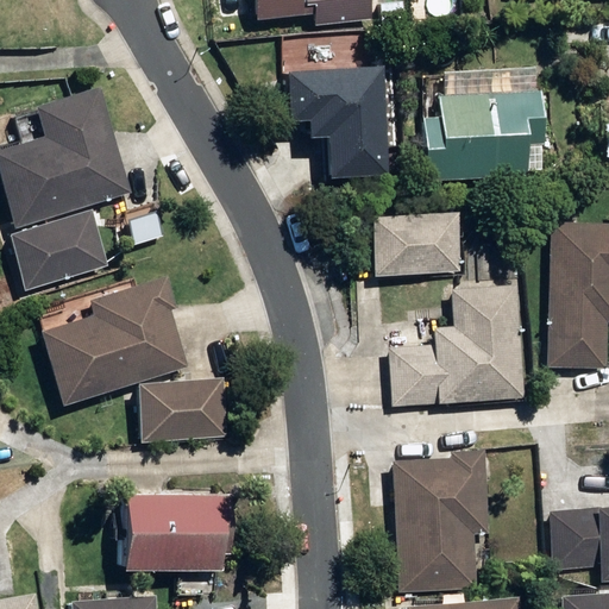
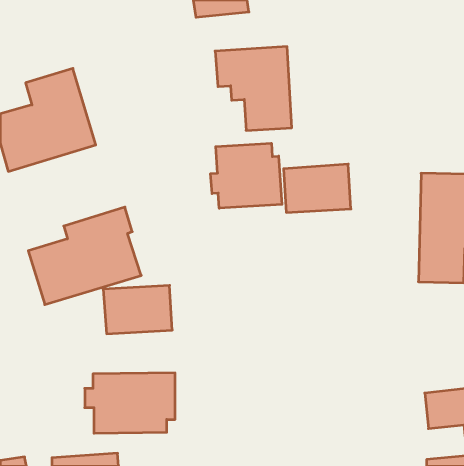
building: [419,94,546,183] -> none
building: none -> [211,143,282,208]
building: [8,212,108,294] -> none
building: [389,288,526,409] -> none
building: [391,450,490,592] -> none

